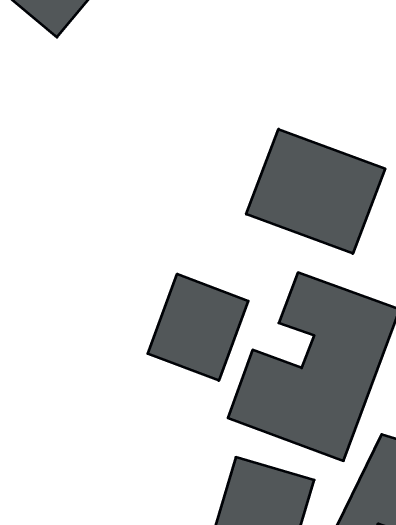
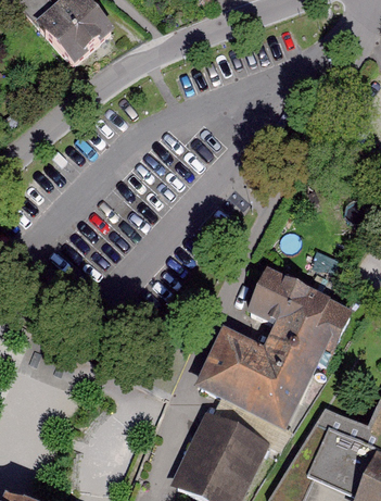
building: [246,129,385,254] -> none
building: [148,274,248,381] -> none

